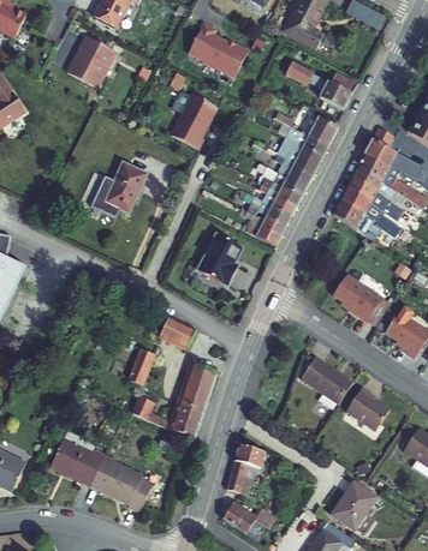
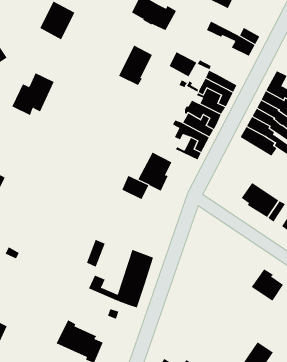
building: [301,113,338,146] -> [169,52,197,77]
building: [90,162,147,218] -> [11,73,54,116]
building: [160,317,196,349] -> [122,175,149,200]
building: [299,357,352,408] -> none
building: [49,431,105,485] -> none
building: [226,444,264,503] -> none

